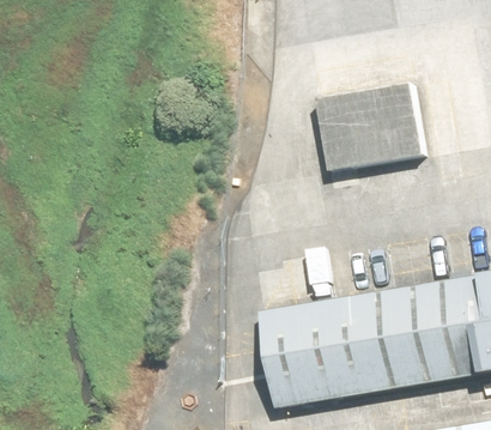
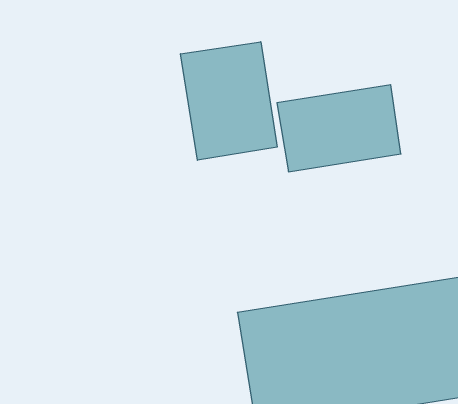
building: none -> [181,42,277,160]

